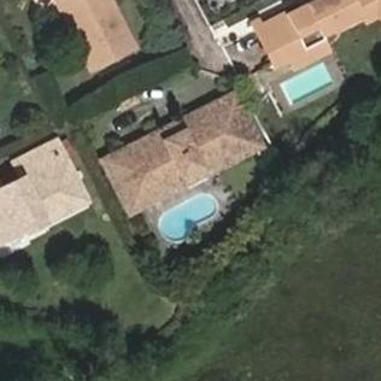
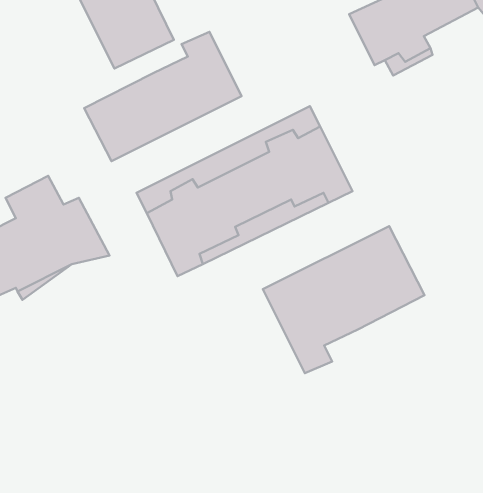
building: none -> [84,32,241,161]
building: none -> [263,226,424,373]

